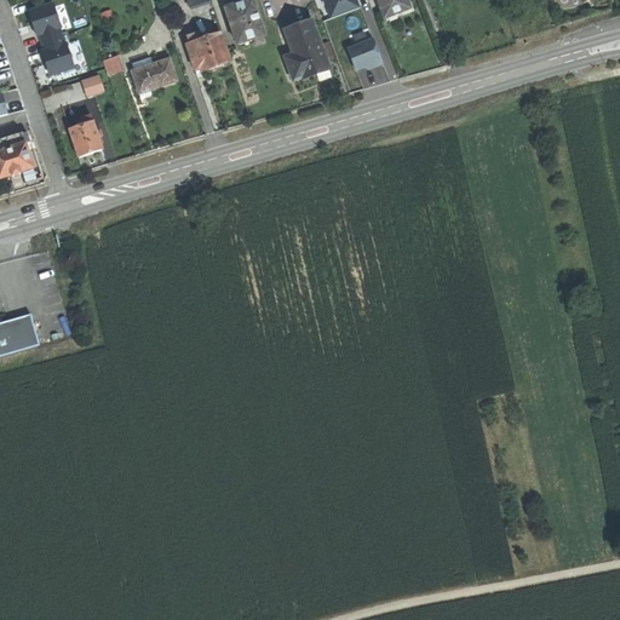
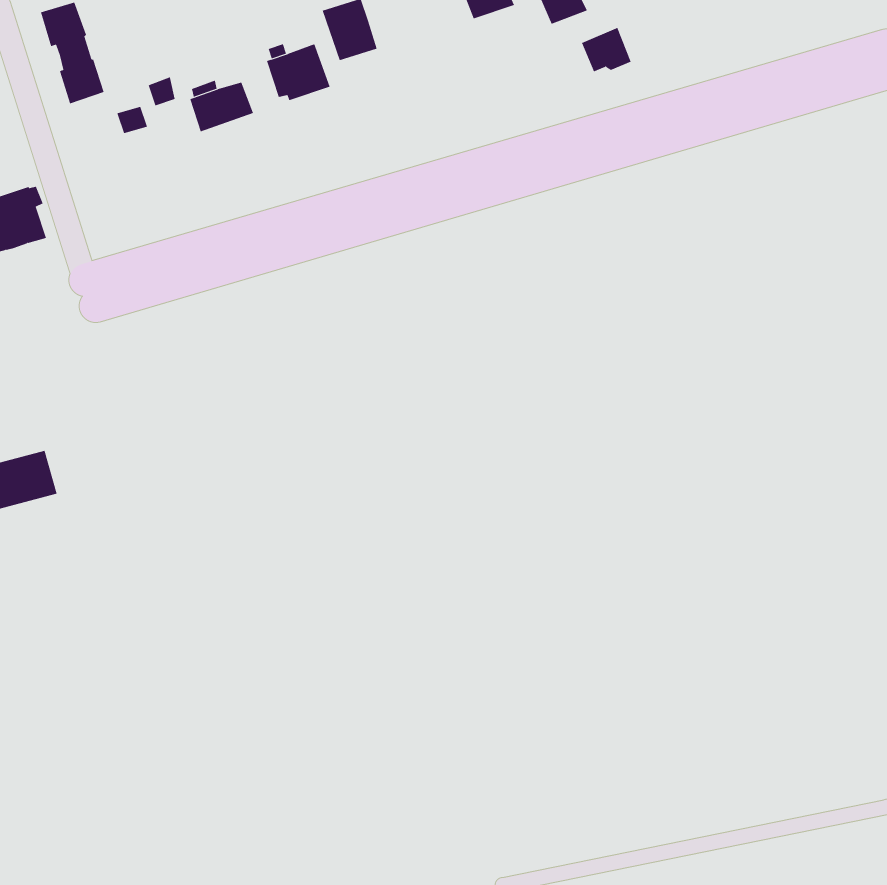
building: [285,21,328,79] -> none
building: [346,38,381,69] -> [581,27,632,72]
building: [69,120,102,155] -> none

